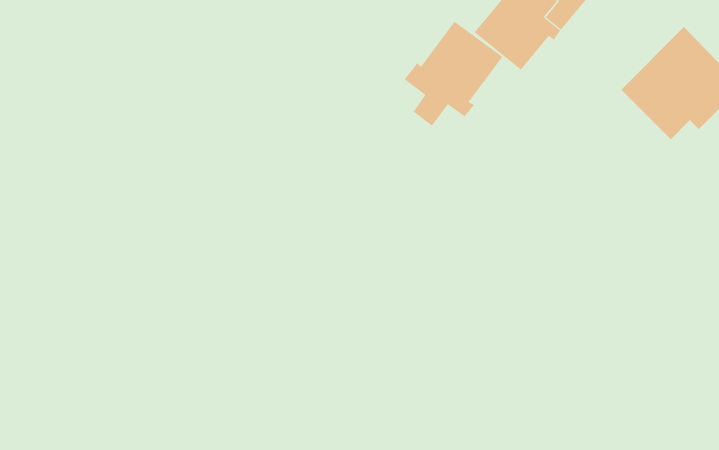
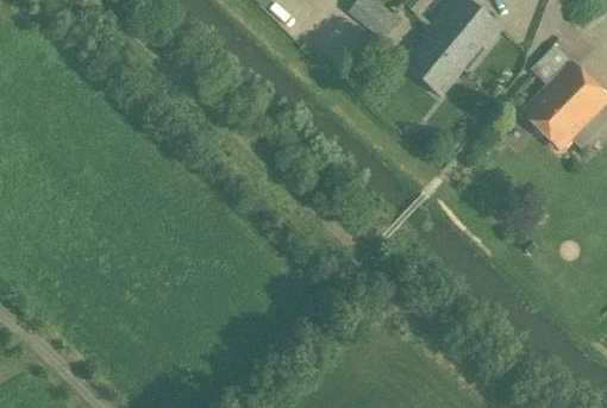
building: [404,21,503,127] -> none

